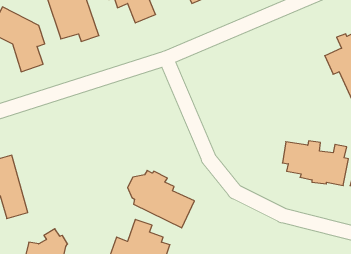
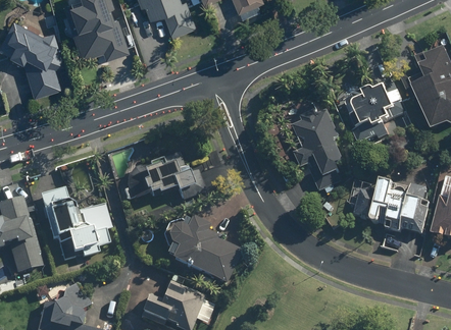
building: none -> [345,87,406,145]
building: none -> [293,109,352,191]
building: none -> [123,152,207,203]
building: none -> [41,188,112,263]

